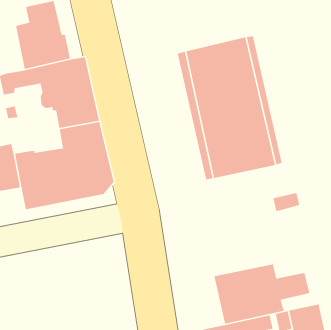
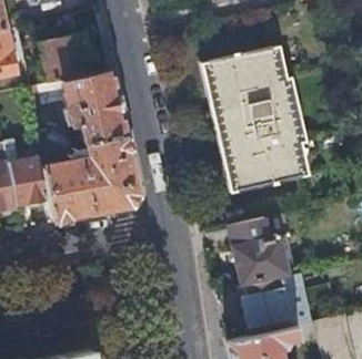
building: none -> [229,217,288,284]

